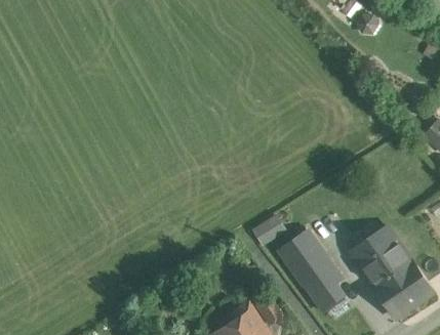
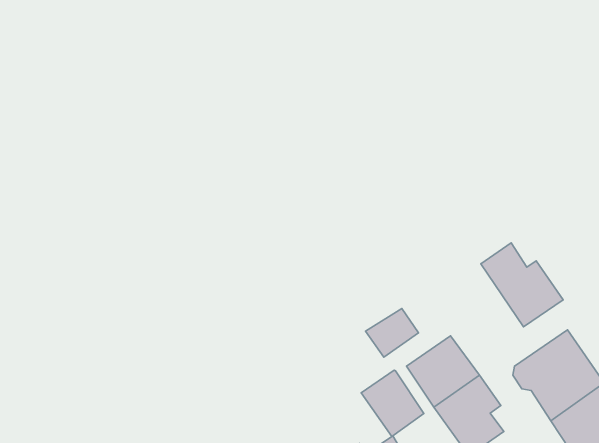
building: none -> [481,243,563,327]
building: none -> [361,370,424,437]

